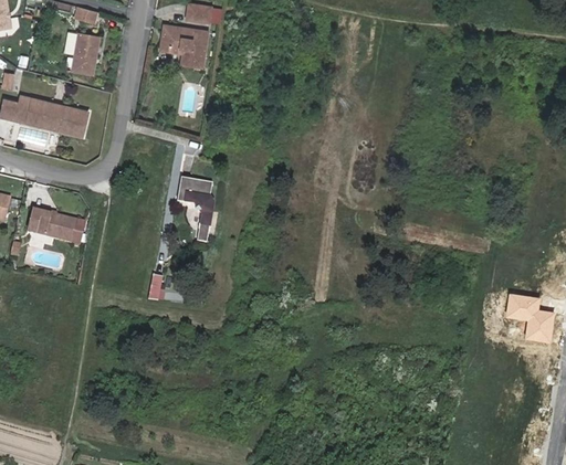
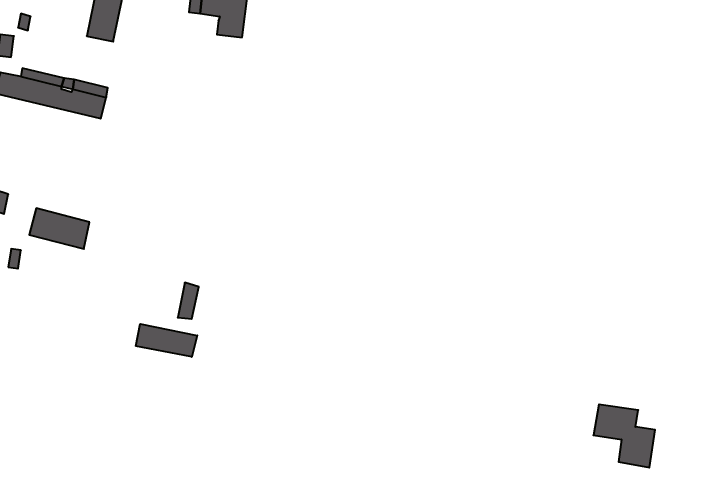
building: [174,171,209,236] -> none
building: [506,292,555,341] -> [593,404,655,468]
building: none -> [136,324,197,357]

